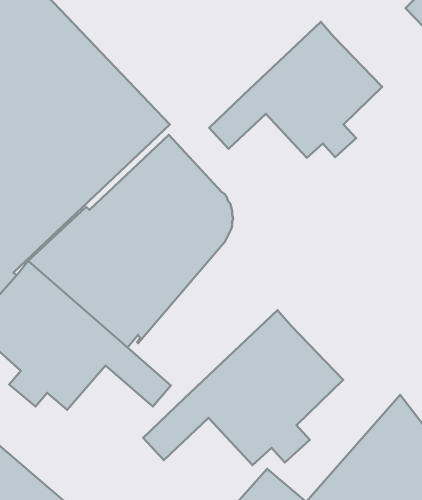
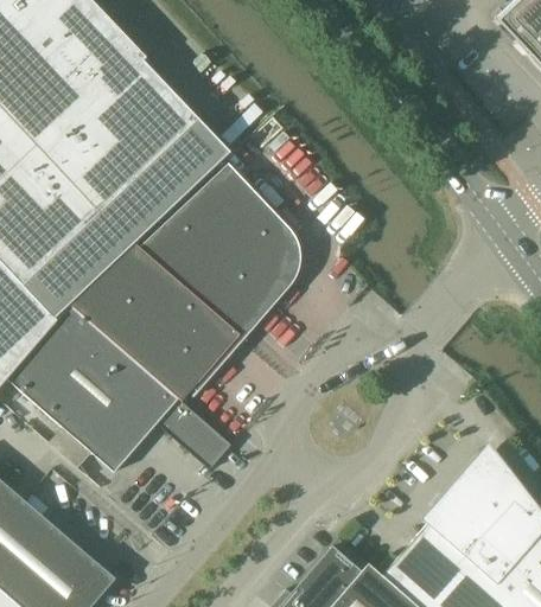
building: [209,22,382,158] -> none
building: [143,310,343,465] -> none

